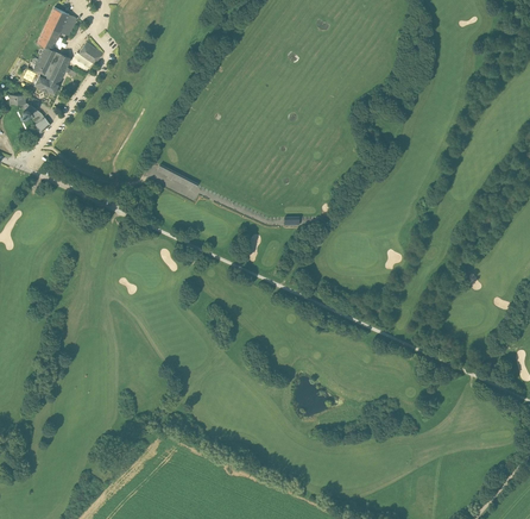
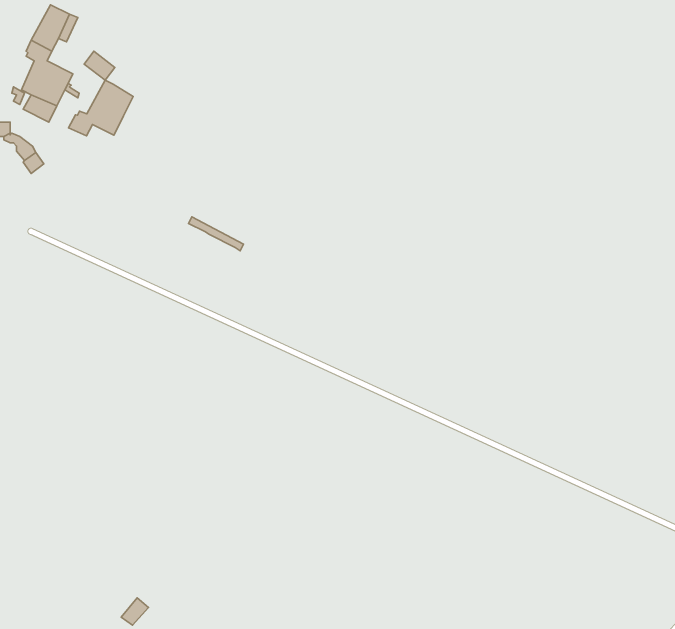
building: none -> [68,80,133,136]

